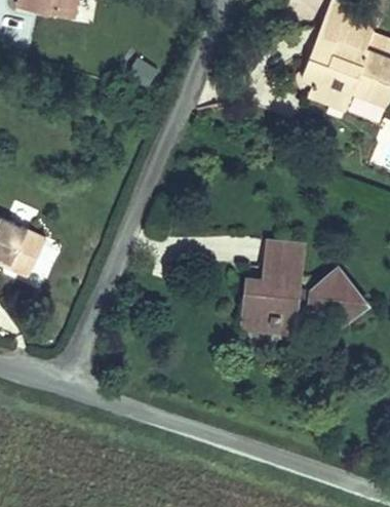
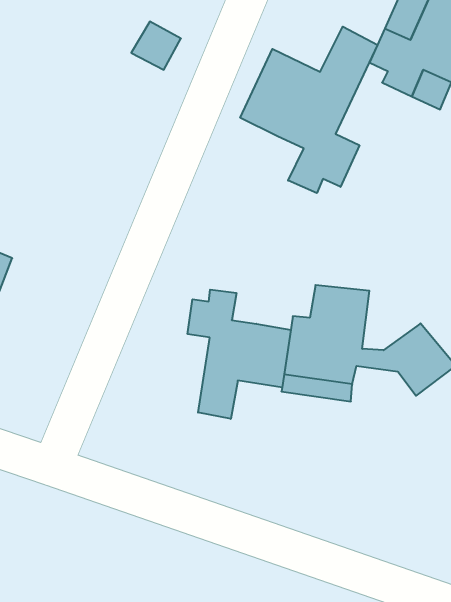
building: none -> [240,27,377,193]
building: none -> [188,290,291,419]

